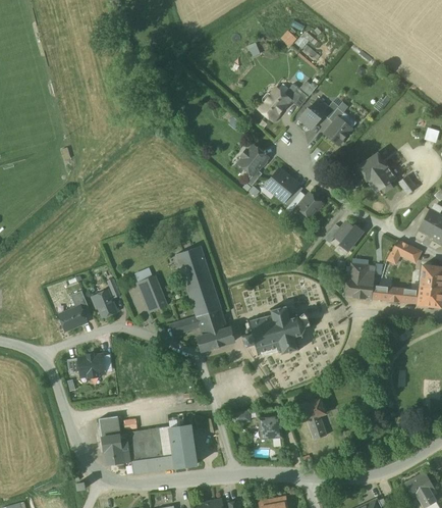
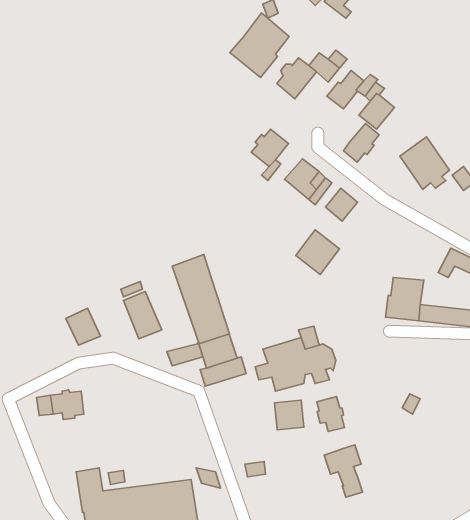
building: none -> [230,13,289,77]
building: none -> [344,123,379,162]
building: [330,216,365,252] -> [296,230,339,275]
building: [59,306,87,331] -> none
building: none -> [317,396,345,431]
building: [259,416,282,440] -> [274,400,304,430]

